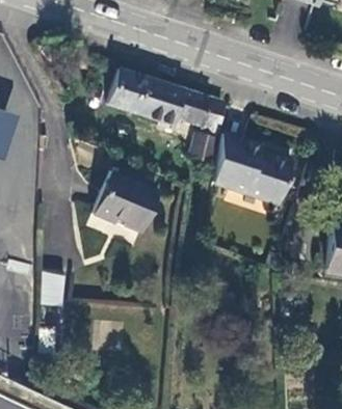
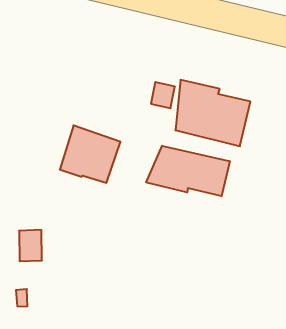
building: [109,67,228,132] -> none
building: none -> [146,146,230,196]

